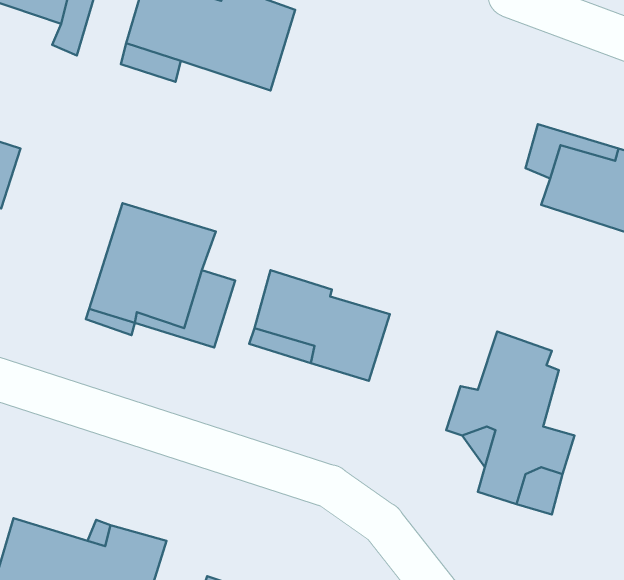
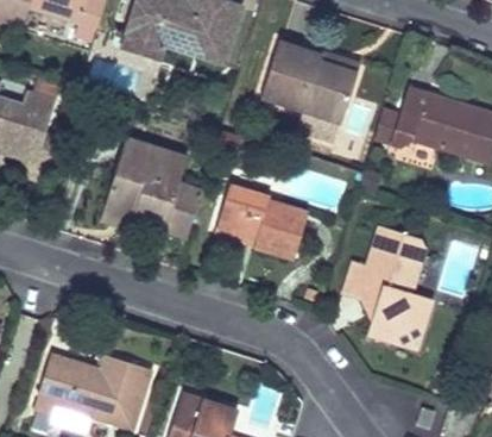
building: none -> [258,27,362,125]

